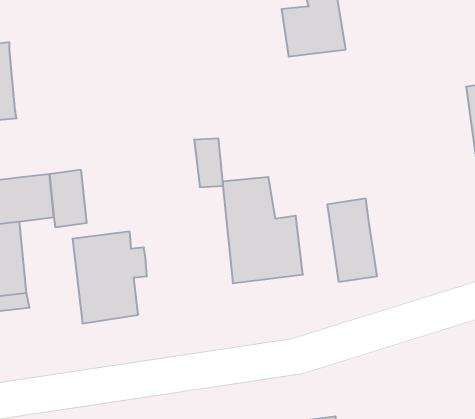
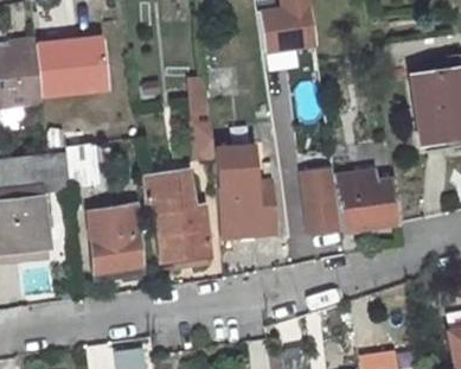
building: none -> [36,39,108,95]
building: none -> [143,172,210,260]
building: none -> [333,172,401,231]

